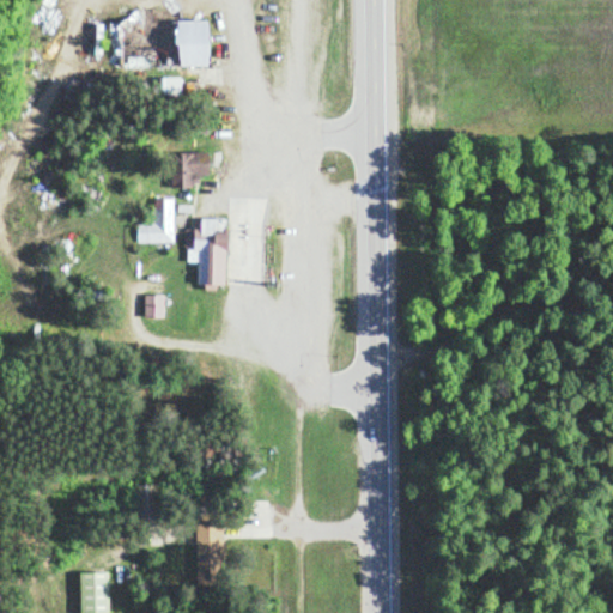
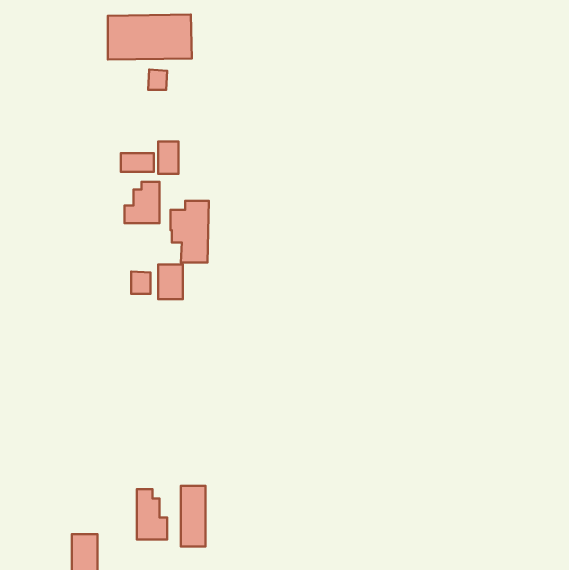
building: none -> [121,153,154,172]
building: none -> [158,264,183,299]
building: none -> [137,489,167,539]

